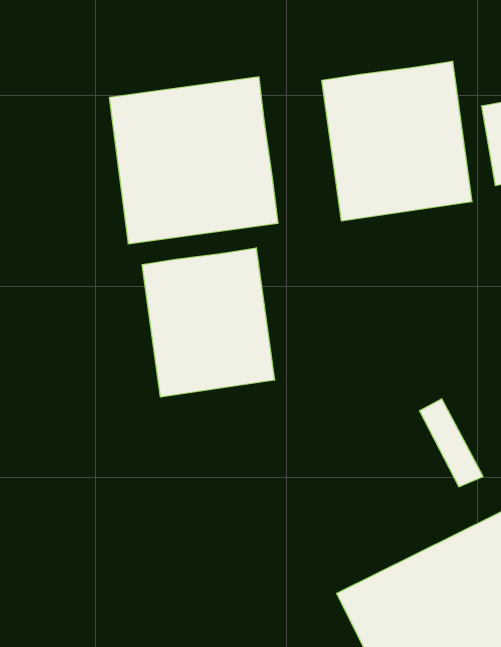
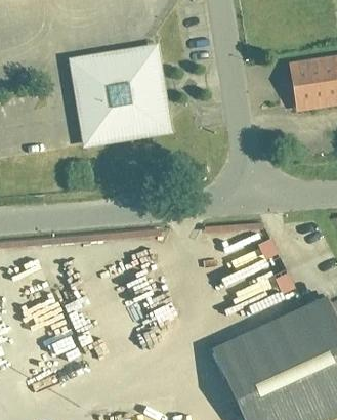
building: [322,61,472,221] -> none
building: [142,248,274,397] -> none

